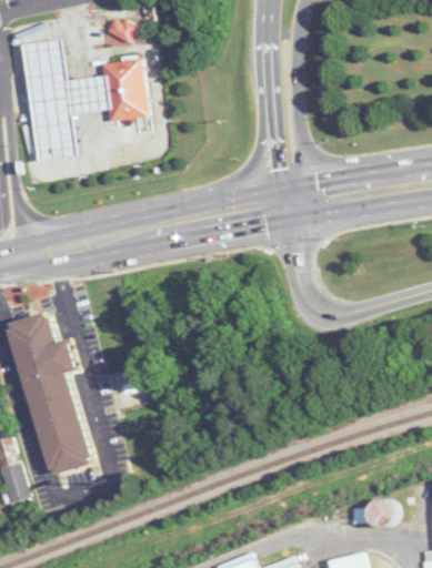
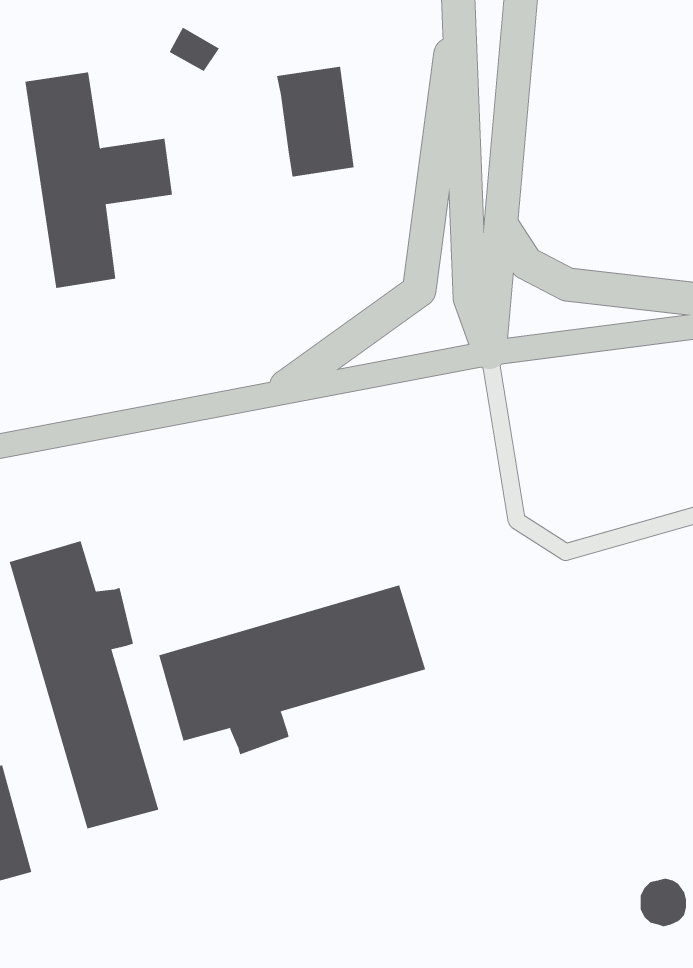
building: [96,67,140,130] -> [276,66,354,177]
building: none -> [158,585,426,755]

